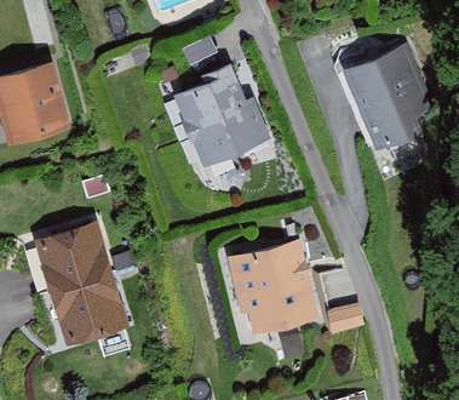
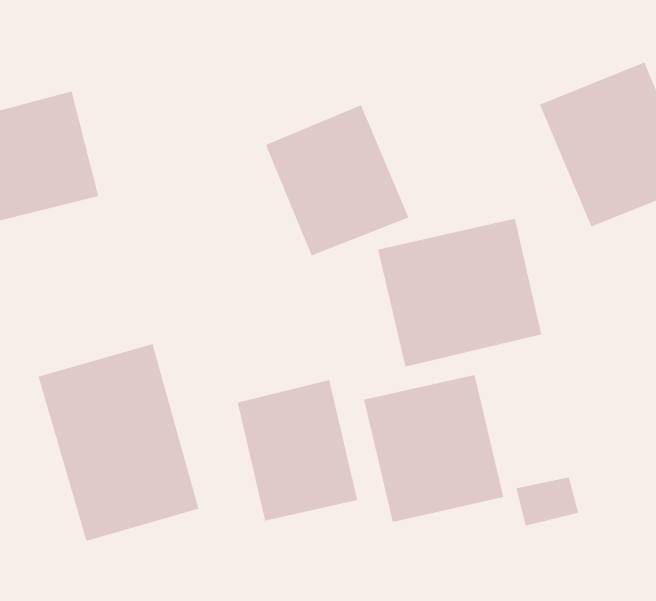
building: none -> [377,218,542,368]
building: none -> [237,379,358,521]

